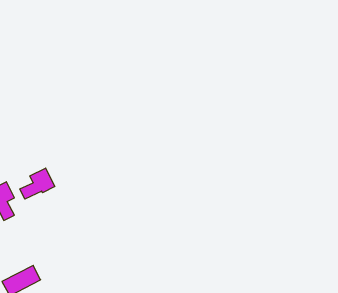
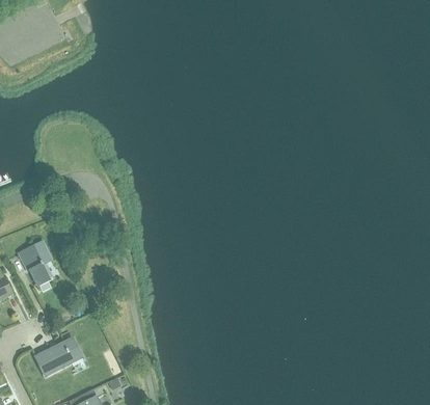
building: [20,168,55,199] -> none

